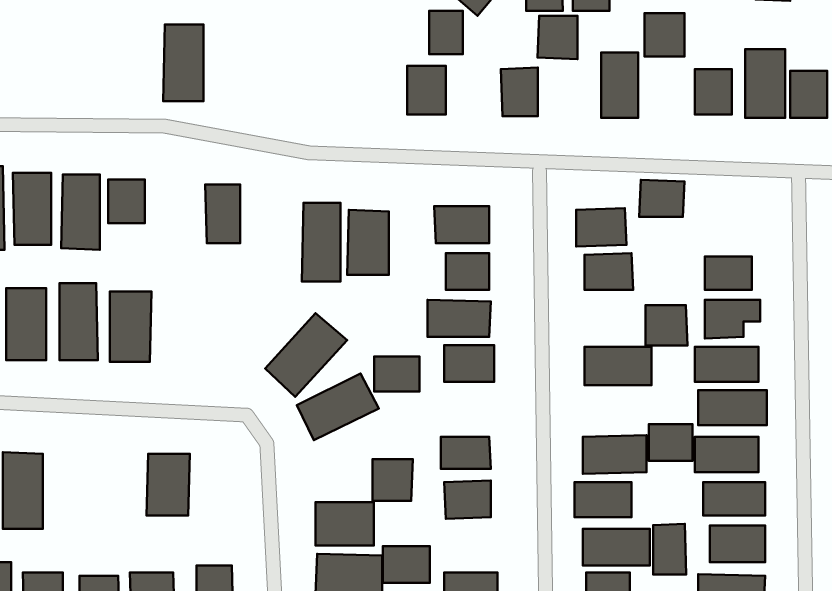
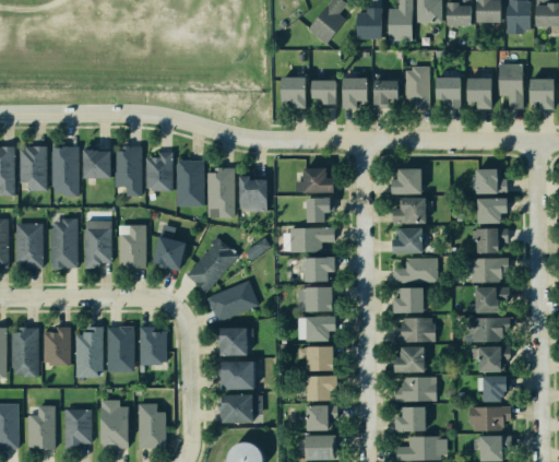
building: [429,11,463,54] -> [309,80,331,108]
building: [644,13,685,57] -> [433,76,460,105]
building: [537,16,578,59] -> [370,81,396,109]
building: [163,24,203,101] -> [116,146,142,197]
building: [639,180,684,217] -> [471,168,500,192]
building: none -> [178,161,203,206]
building: none -> [121,225,144,269]
building: none -> [150,232,183,269]
building: [646,305,687,345] -> [392,227,419,253]
building: [374,357,419,392] -> [304,287,333,310]
building: [649,424,692,461] -> [396,288,425,312]
building: none -> [141,324,168,365]
building: none -> [47,328,73,366]
building: none -> [80,329,104,377]
building: [373,459,413,501] -> [219,328,246,355]
building: [653,524,686,575] -> none
building: [383,546,430,583] -> [305,375,335,399]

